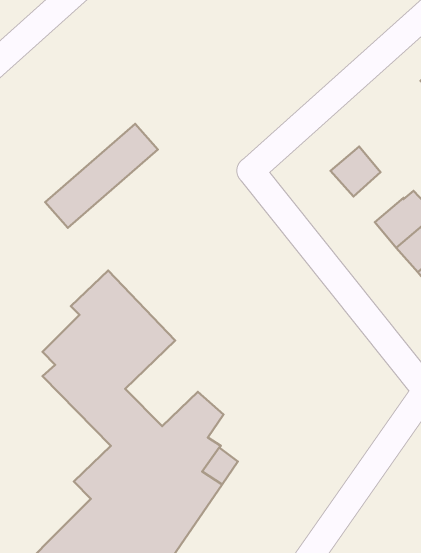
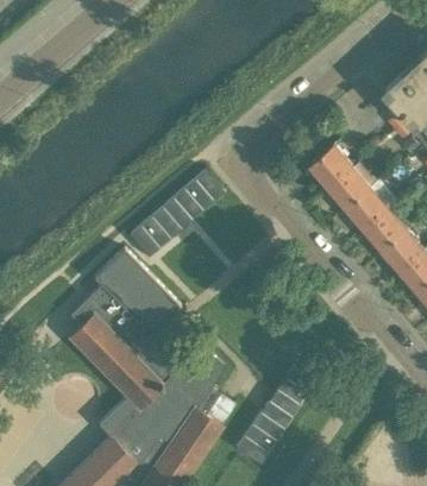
building: [45,124,158,228] -> [128,171,222,258]
building: none -> [328,165,370,207]
building: none -> [234,366,314,465]

